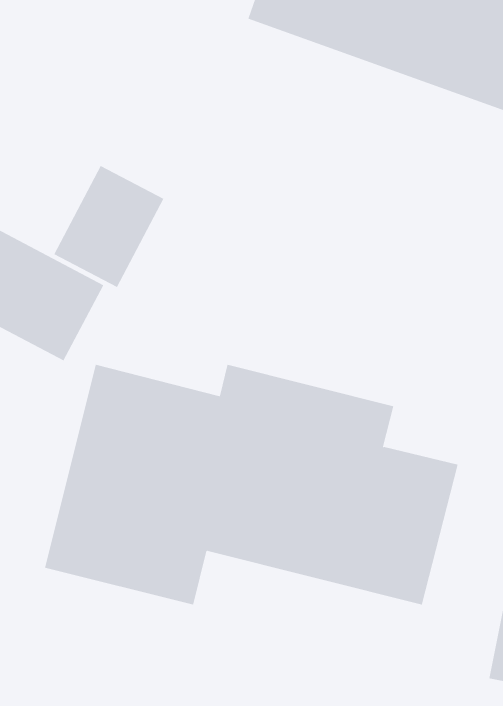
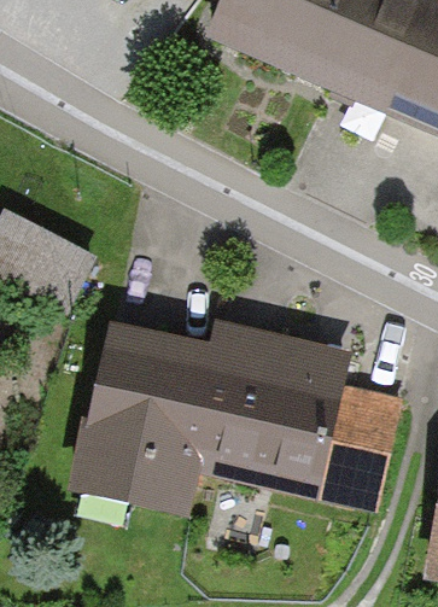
building: [54,165,164,288] -> none

